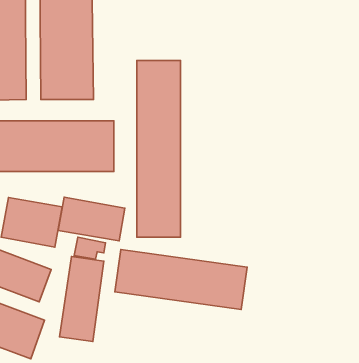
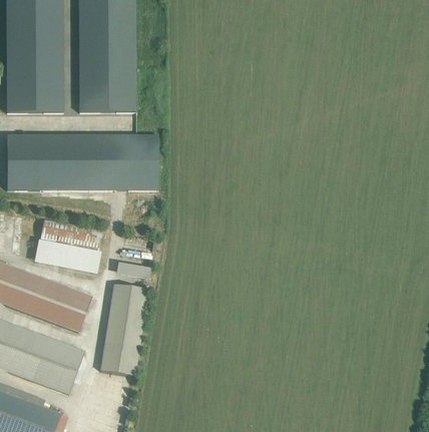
building: [137,61,180,237] -> none
building: [58,197,125,241] -> none
building: [115,250,247,309] -> none

